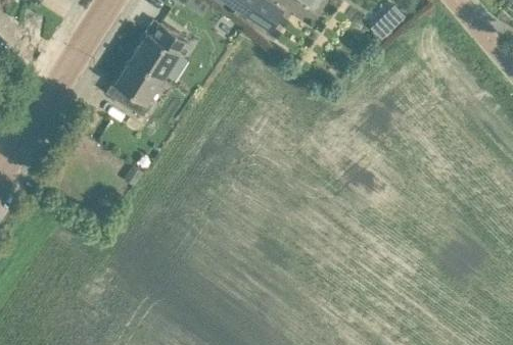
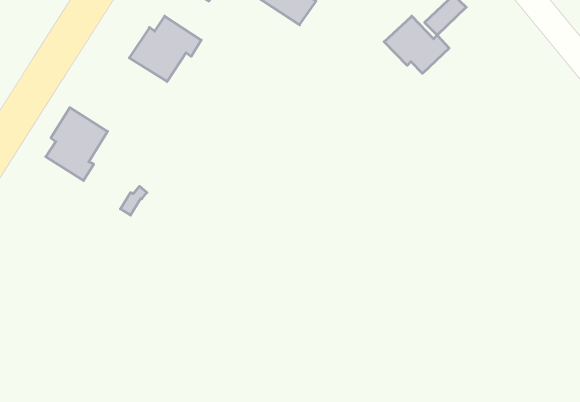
building: none -> [384,16,449,73]
building: [112,57,162,116] -> [46,108,108,181]

